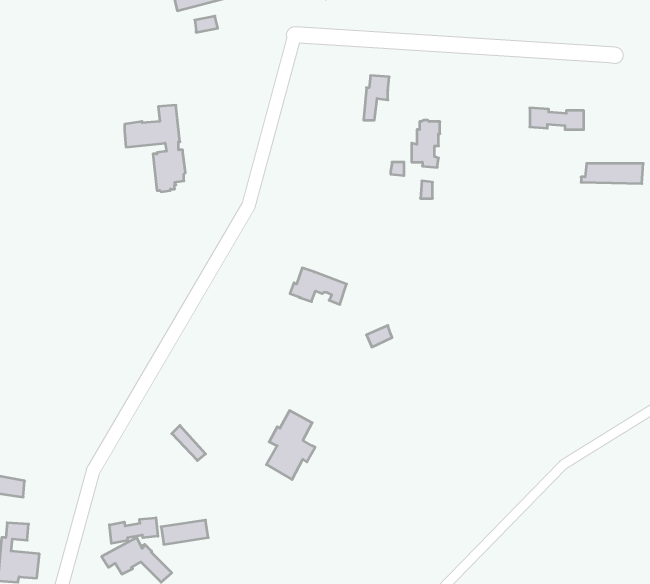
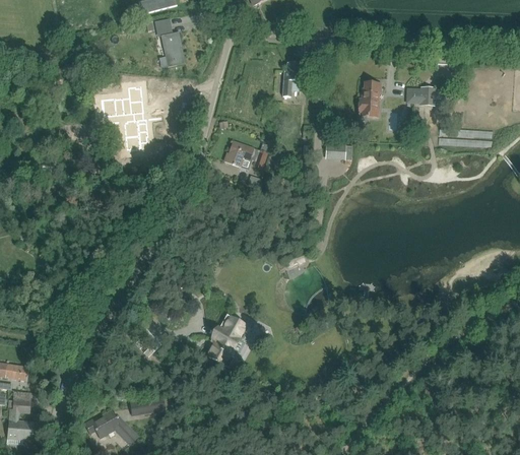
building: none -> [162,32,185,66]
building: [412,120,440,167] -> [359,81,380,117]
building: [290,268,347,304] -> [224,141,267,169]
building: [109,518,158,543] -> none

